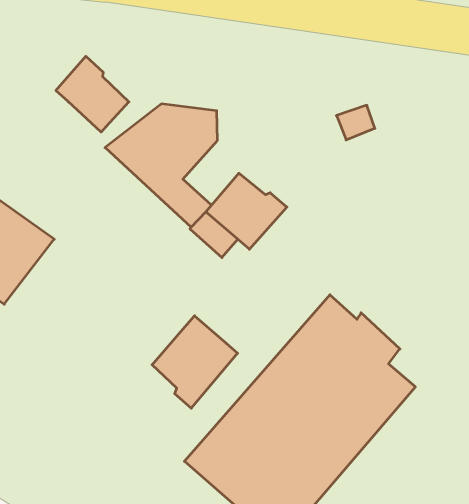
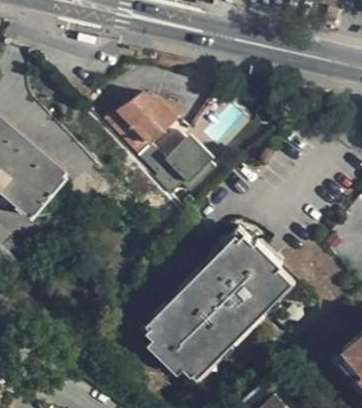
building: [56,56,129,132] -> none
building: [152,316,238,408] -> none

